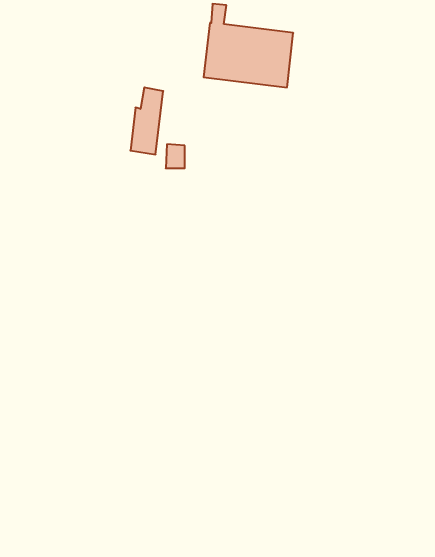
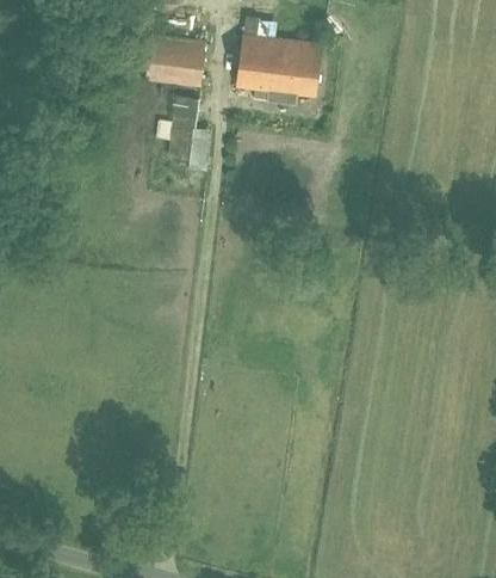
building: none -> [143,33,206,98]

